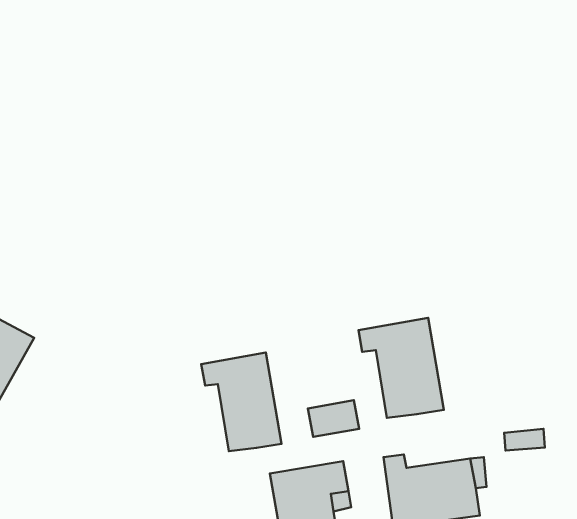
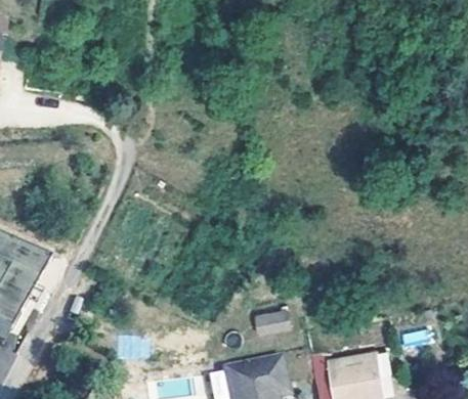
building: [358,318,444,418] -> none
building: [201,353,282,451] -> none

